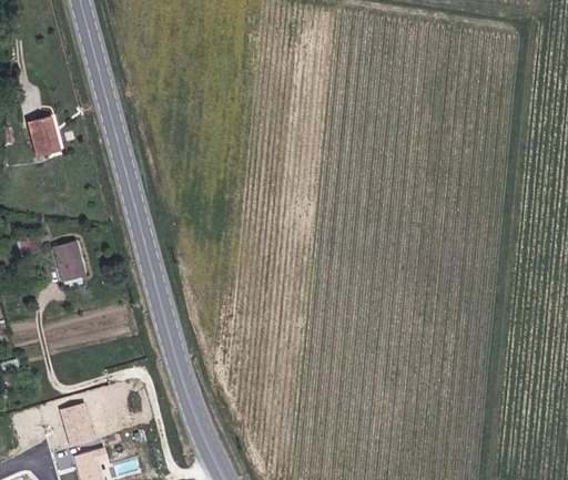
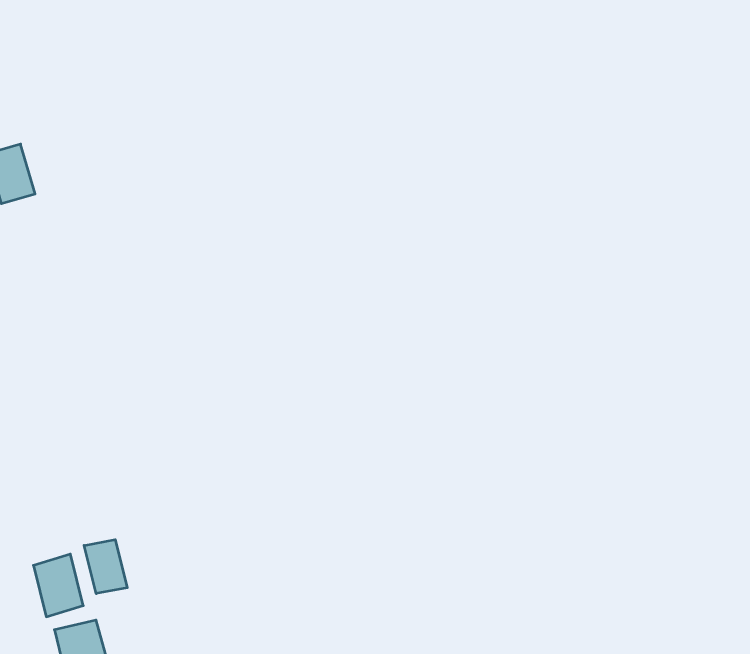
building: [54,239,88,282] -> none
building: none -> [84,540,127,594]

